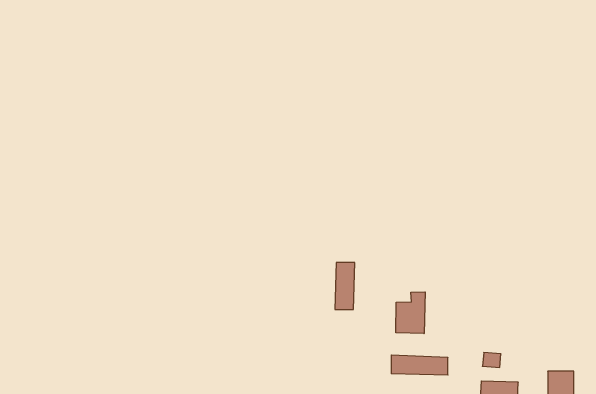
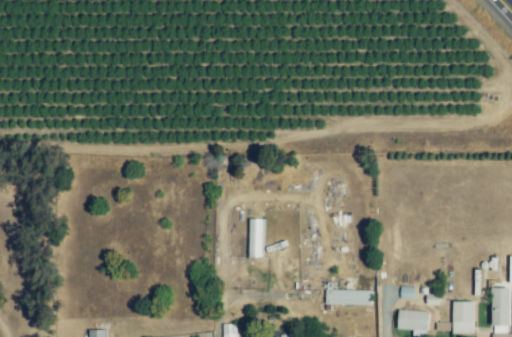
building: [335,263,355,309] -> [247,219,263,257]
building: [396,292,425,334] -> none

